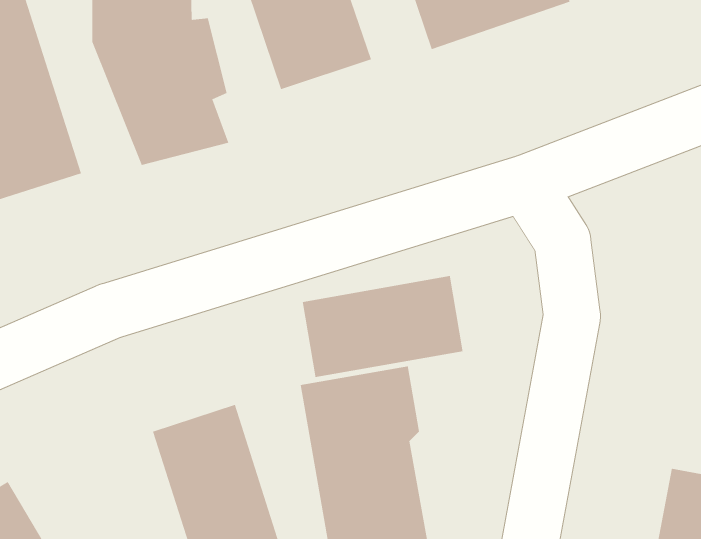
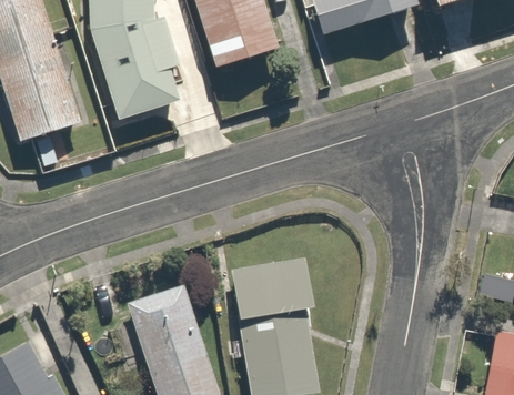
building: [302,275,463,378] -> none

